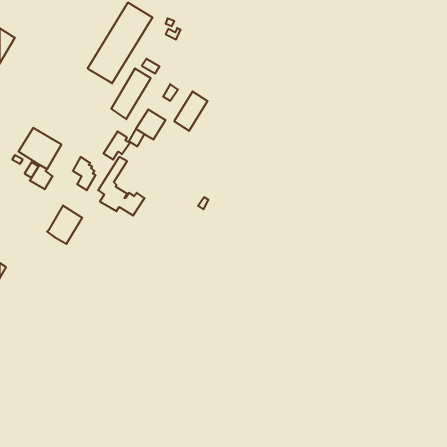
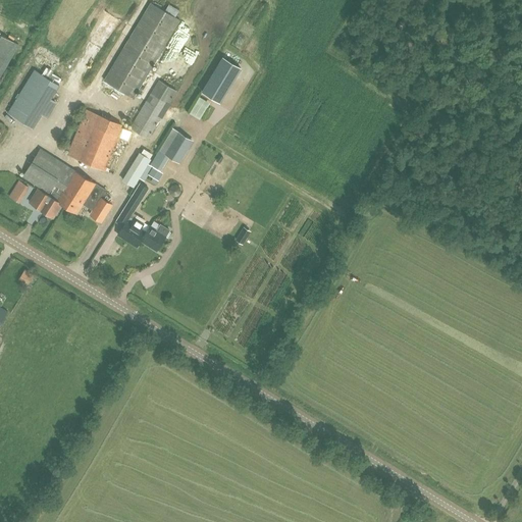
building: none -> [7,70,58,128]
building: [174,91,208,131] -> [201,57,240,103]
building: none -> [66,113,130,175]
building: [47,205,82,244] -> [53,169,94,214]

